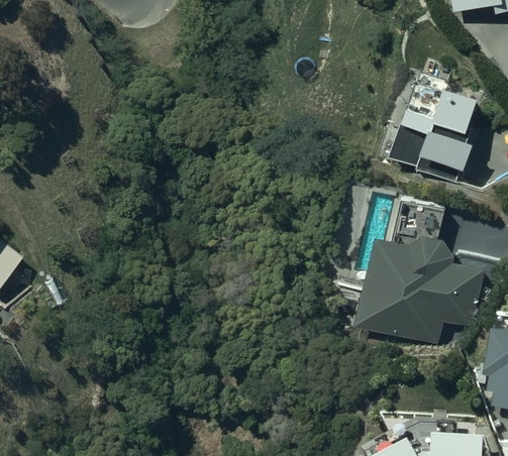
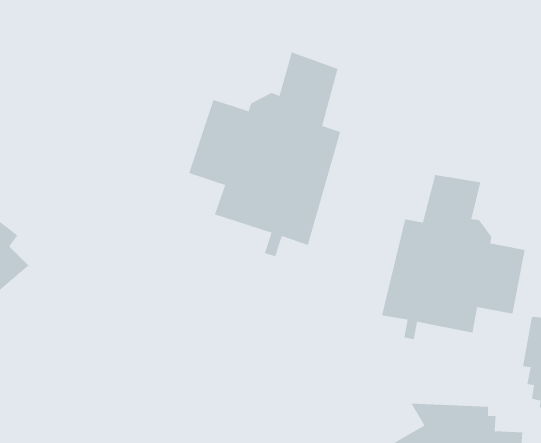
building: [388,70,477,184] -> none
building: none -> [188,52,341,257]

